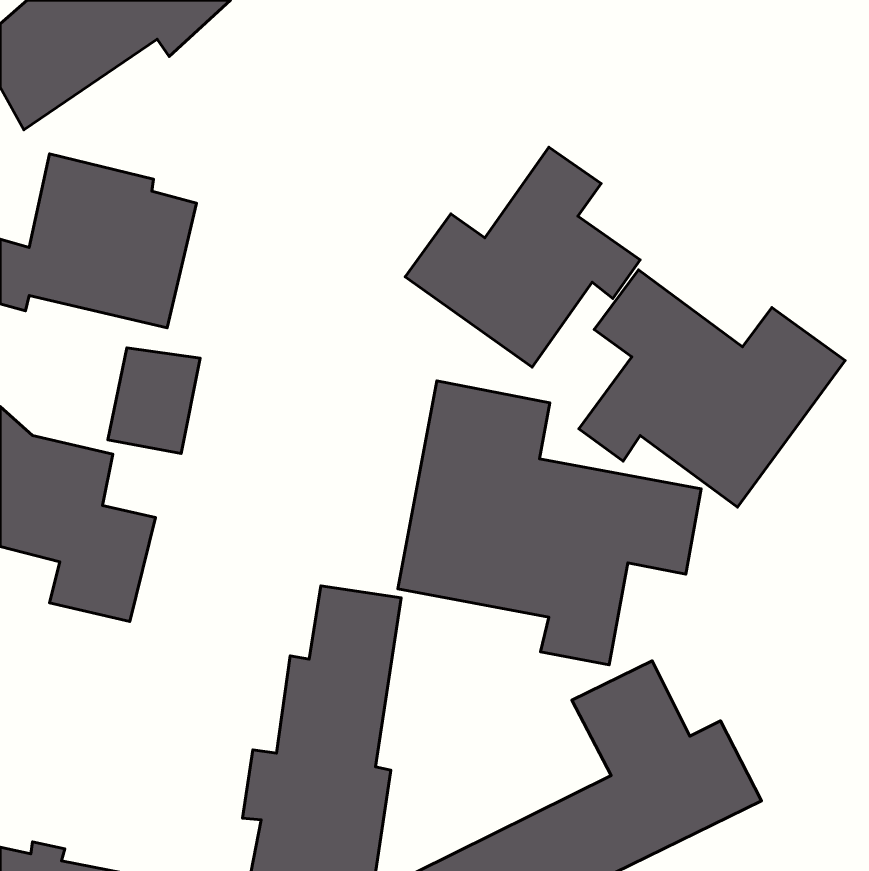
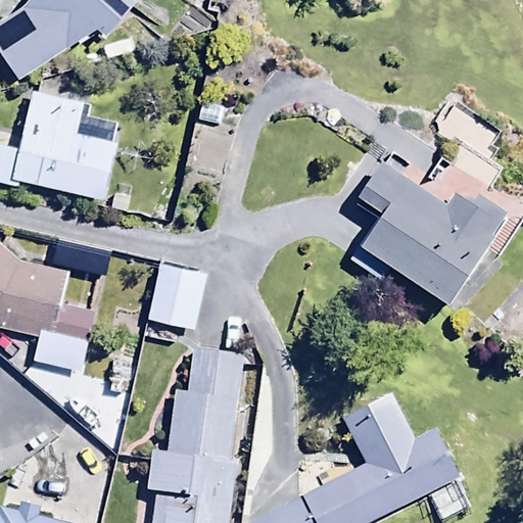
building: [405,147,640,367] -> none
building: [108,348,200,454] -> [148,263,203,326]
building: [398,381,701,665] -> none

